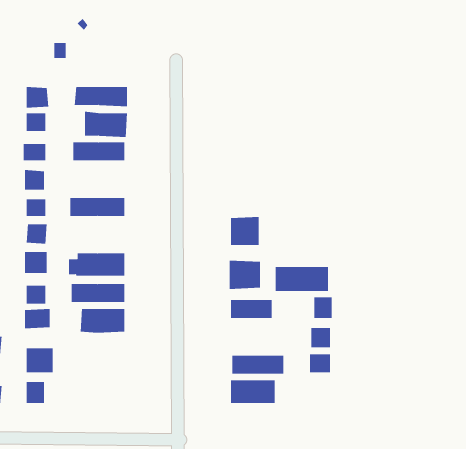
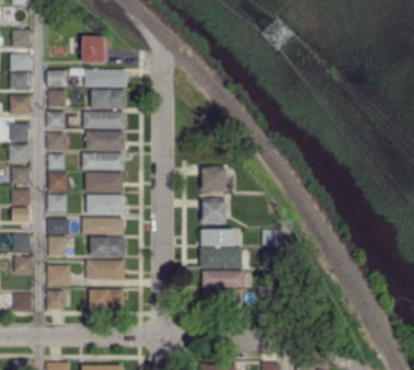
building: none -> [82,37,107,62]
building: none -> [87,131,125,150]
building: none -> [85,174,122,192]
building: [275,267,329,291] -> [200,250,241,268]
building: none -> [88,262,124,279]
building: none -> [90,291,123,309]

